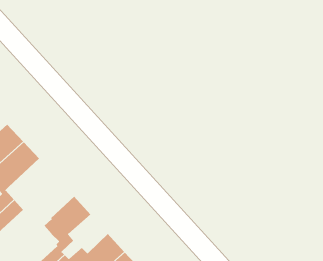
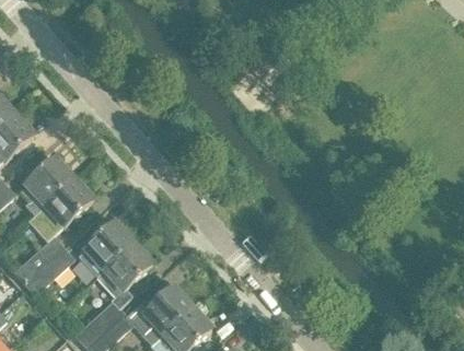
building: none -> [77,222,132,277]

